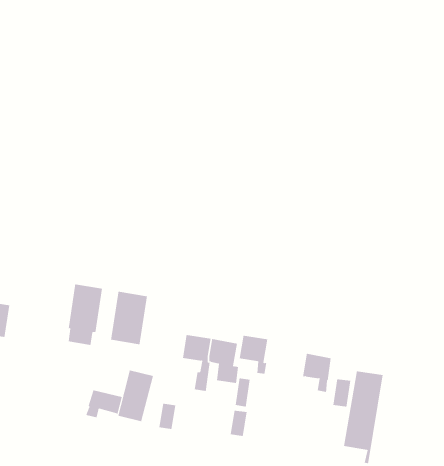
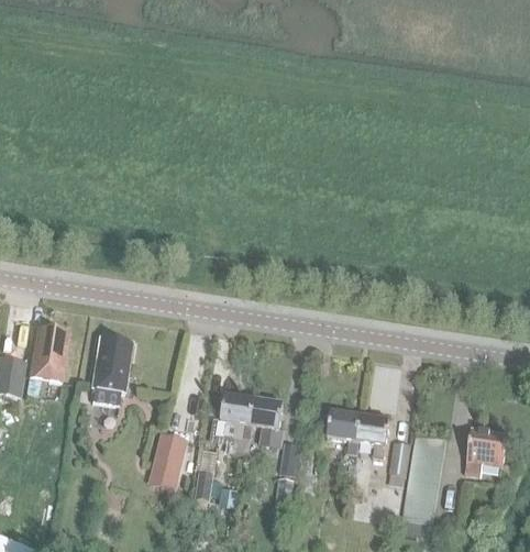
building: none -> [29,325,68,380]
building: [111,291,148,345] -> none
building: [239,335,268,374] -> [327,409,360,453]
building: none -> [464,428,507,474]
building: [86,390,122,418] -> none

